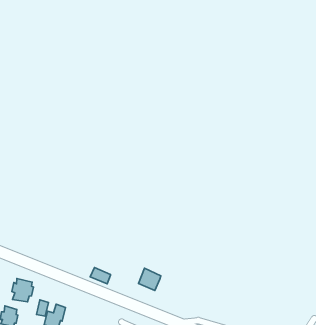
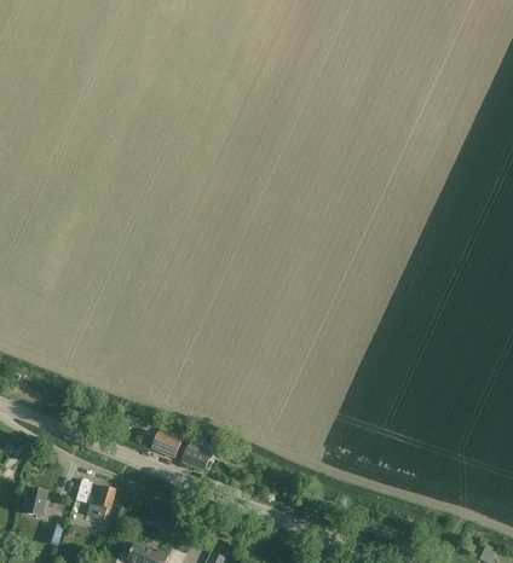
building: [139,268,161,290] -> [181,440,213,471]
building: [12,278,33,302] -> none

